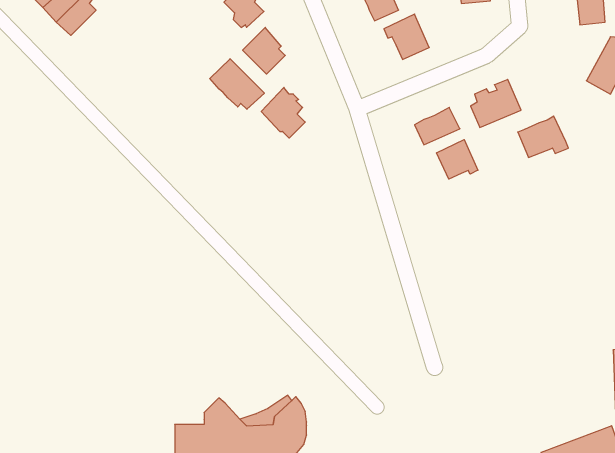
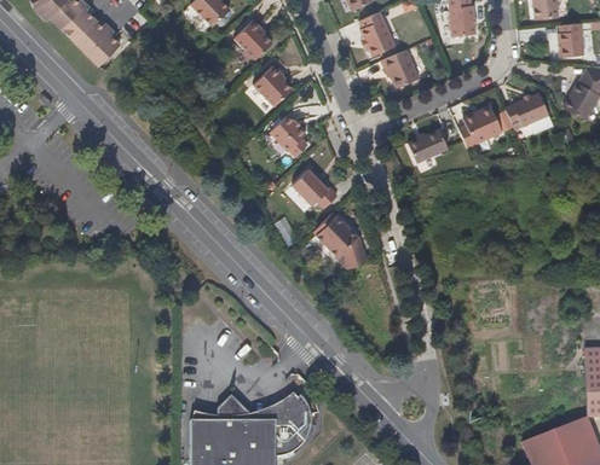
building: [210,59,264,109] -> none
building: [518,116,568,157] -> [506,93,552,130]
building: [437,140,478,179] -> none
building: none -> [296,170,338,207]
building: none -> [316,215,368,271]

